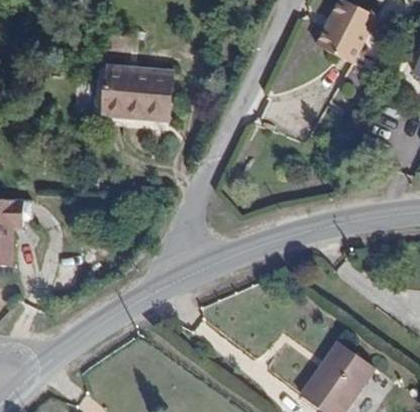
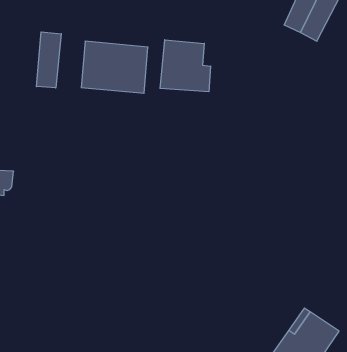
building: none -> [37,32,61,88]
building: none -> [160,40,211,92]

